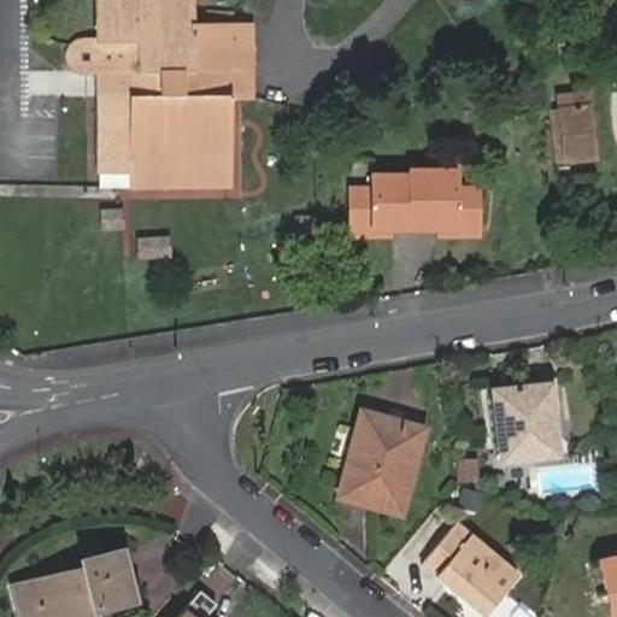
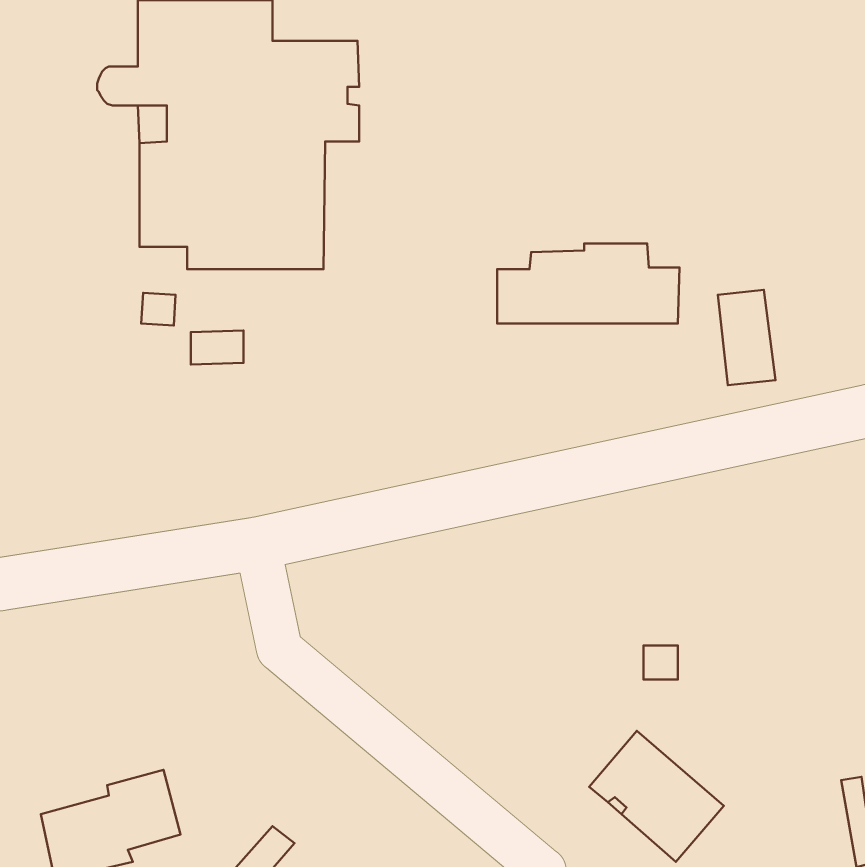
building: [553,98,594,165] -> [718,290,776,385]
building: [492,377,558,452] -> none
building: [337,406,422,505] -> none

